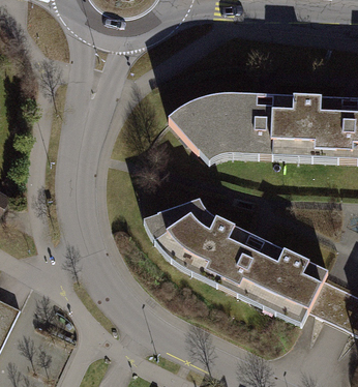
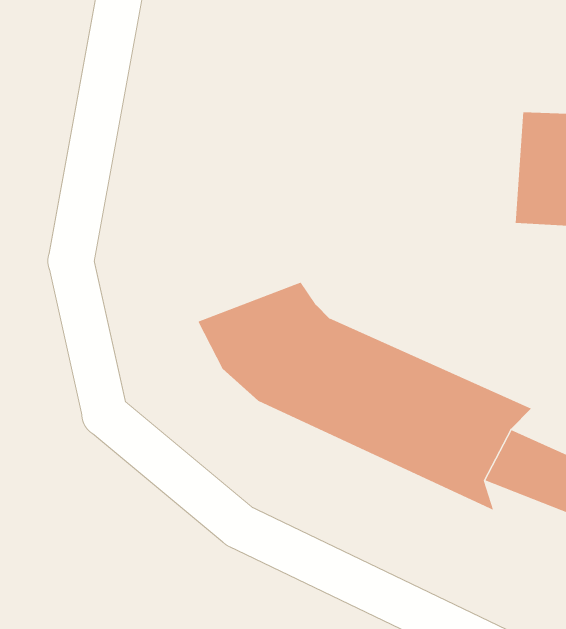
building: [167,99,318,165] -> none

